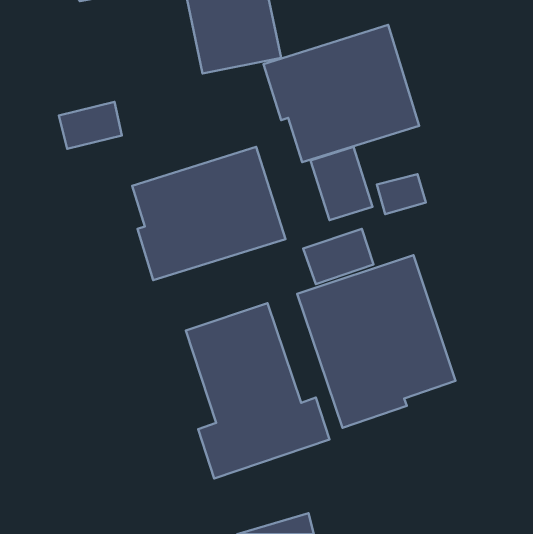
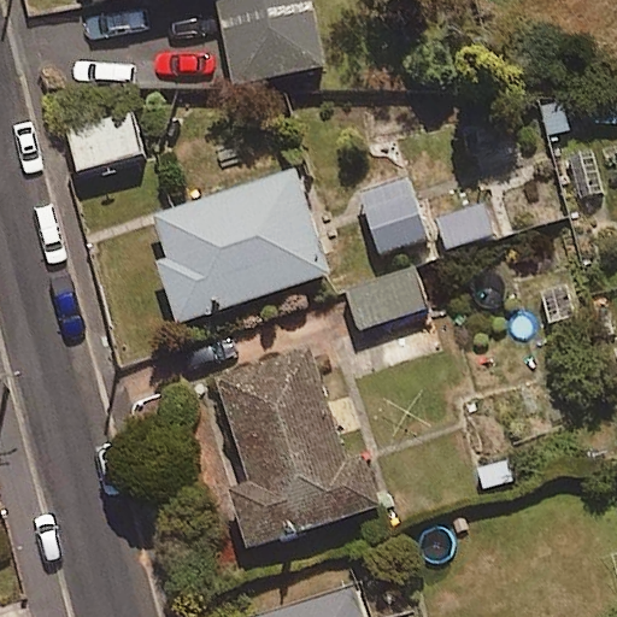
building: [263,25,419,162] -> none
building: [297,255,456,428] -> none

